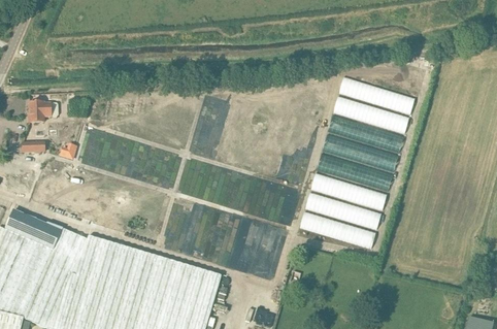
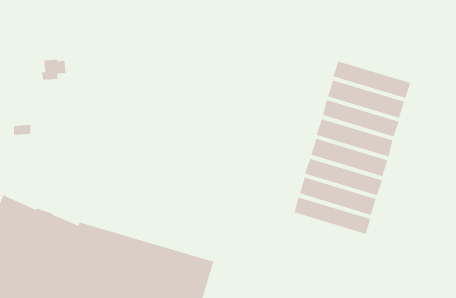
building: [27,101,52,122] -> [41,59,66,80]

